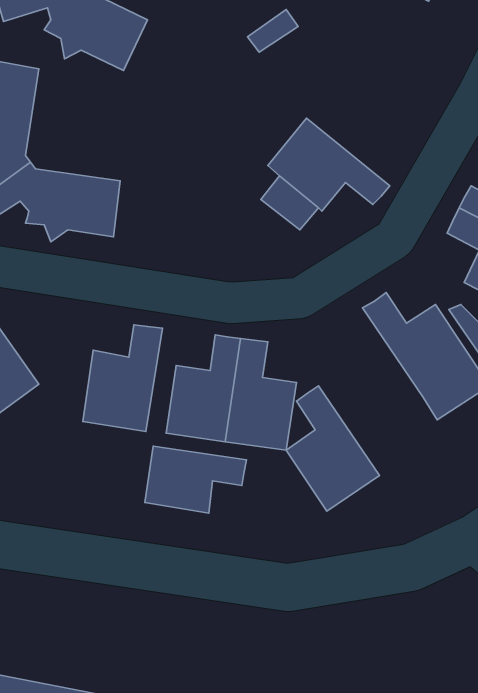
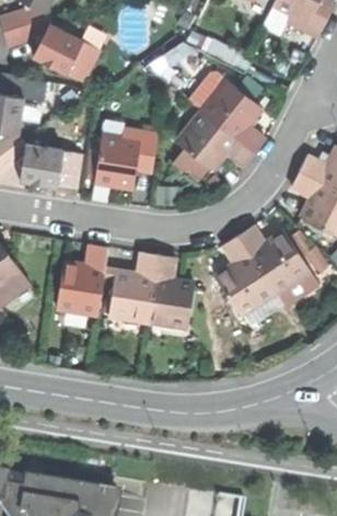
building: none -> [189,71,266,156]
building: none -> [95,129,158,188]
building: [286,386,380,511] -> [217,234,277,316]
building: [145,446,247,513] -> none

